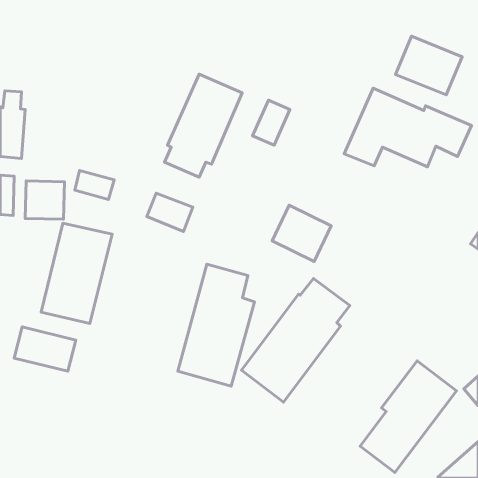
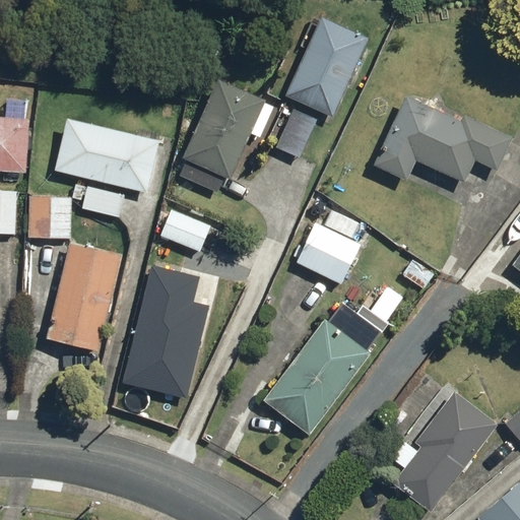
building: none -> [284,17,368,116]
building: [396,36,462,95] -> none
building: none -> [53,118,157,192]
building: [178,264,255,386] -> [125,264,208,396]
building: [14,327,76,371] -> none

